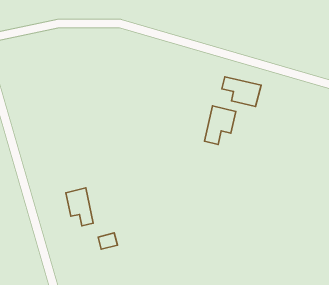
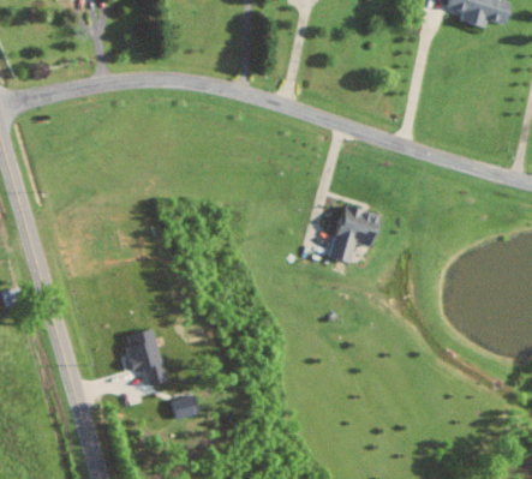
building: [222,77,261,106] -> none

